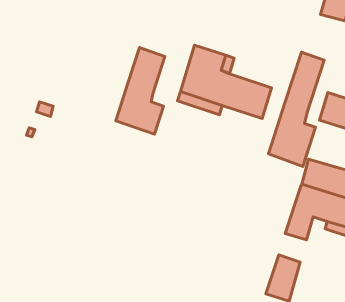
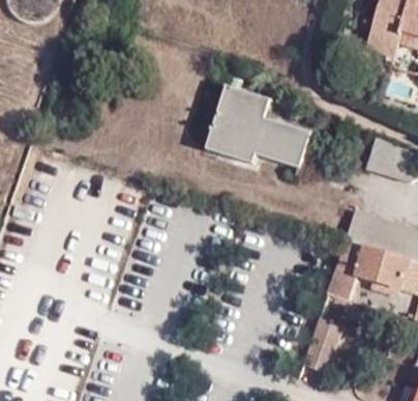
building: [116,48,165,134] -> none
building: [269,52,324,167] -> none

